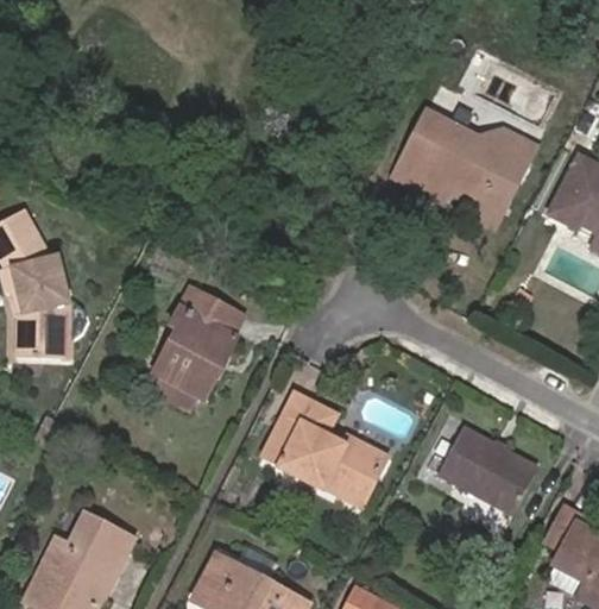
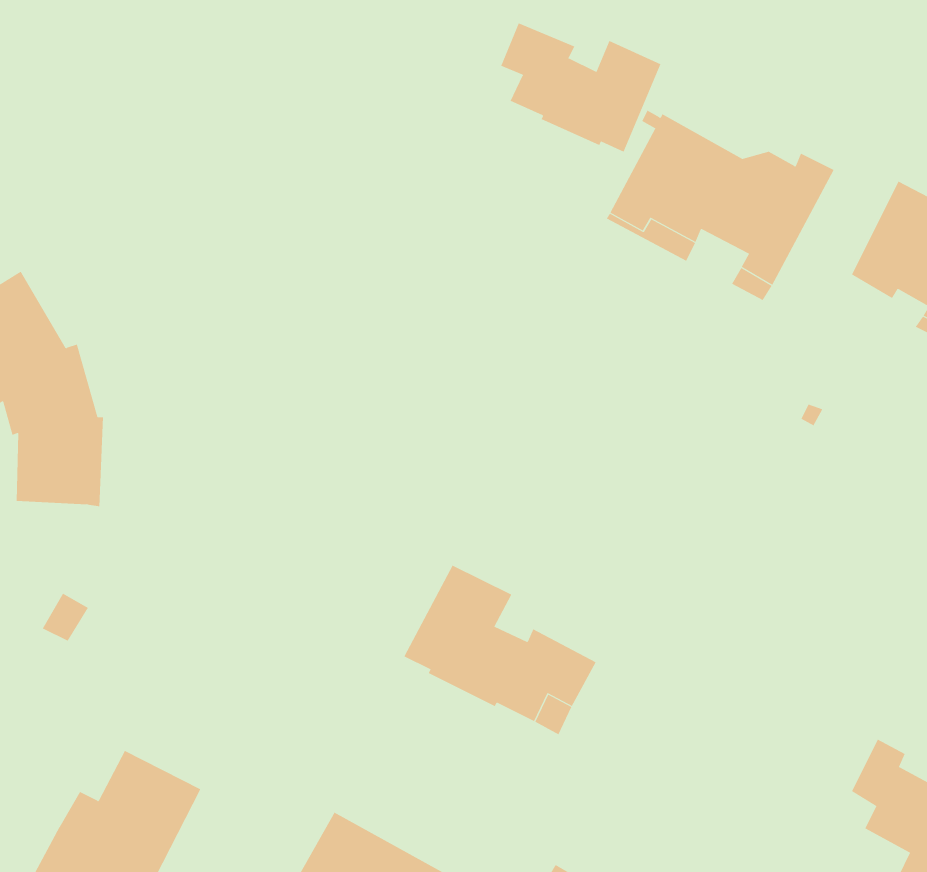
building: none -> [500,22,661,153]
building: [155,289,241,410] -> none
building: [436,427,538,514] -> none

